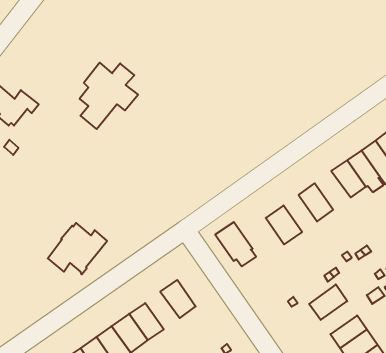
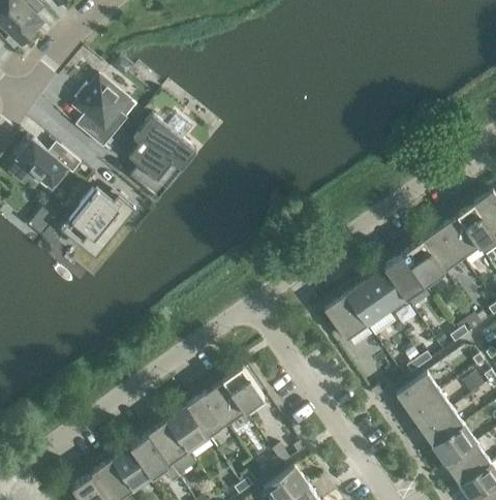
building: none -> [74,76,127,149]
building: none -> [402,241,444,286]
building: none -> [366,269,405,312]
building: [215,222,256,266] -> [323,295,371,347]
building: [48,223,107,274] -> [63,188,132,248]
building: none -> [205,381,245,426]
building: none -> [409,393,452,431]

